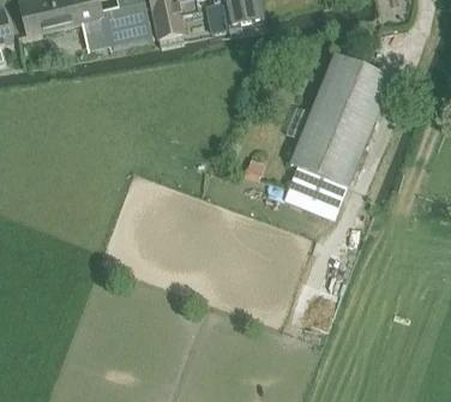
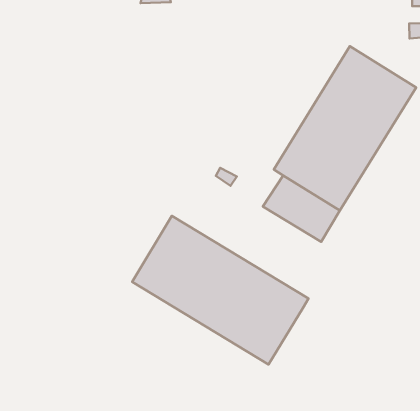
building: none -> [132,216,308,365]

